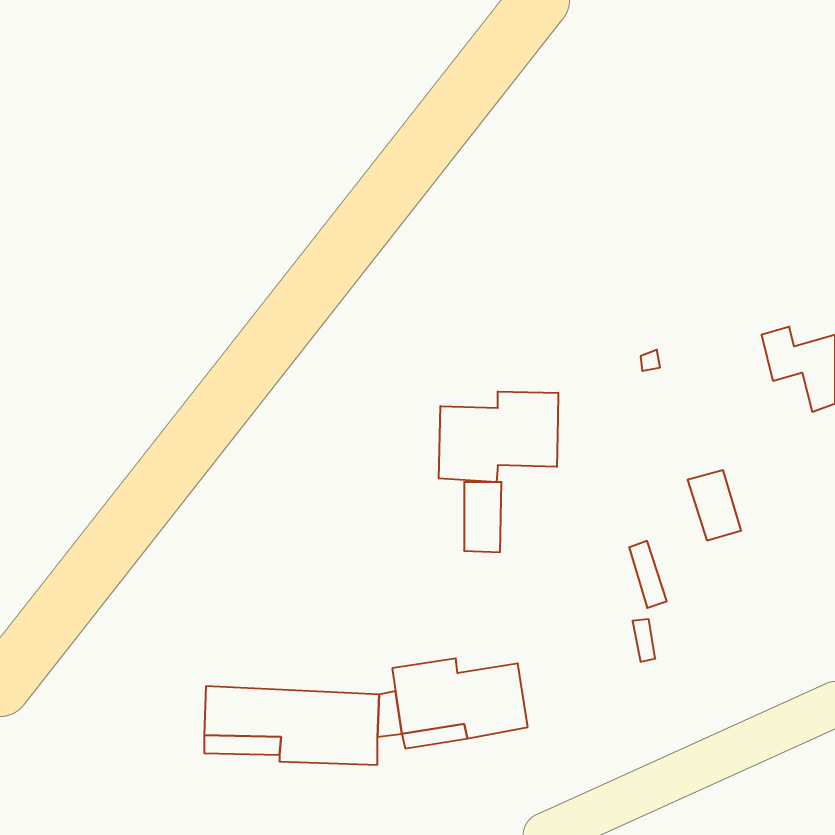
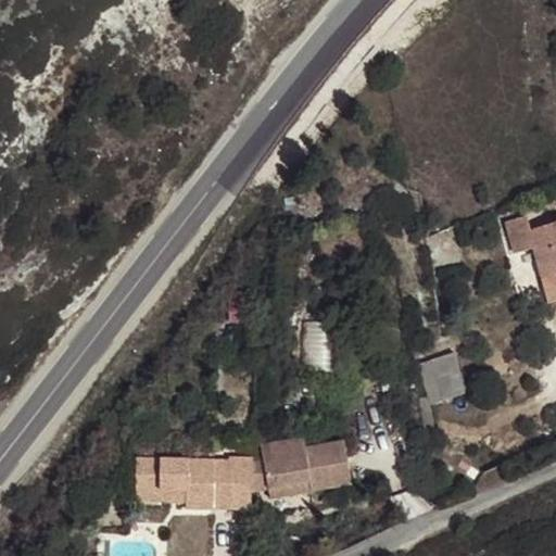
building: [439,391,558,482] -> none
building: [687,470,741,540] -> [430,353,466,400]

